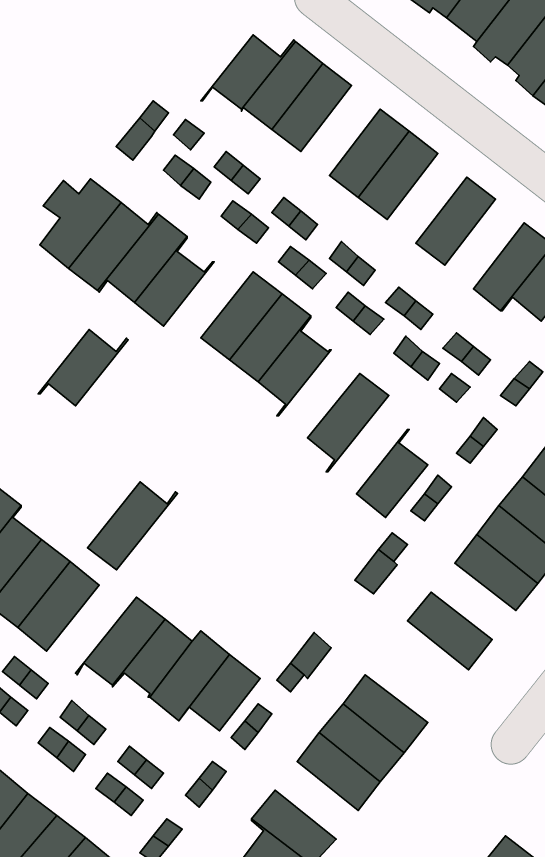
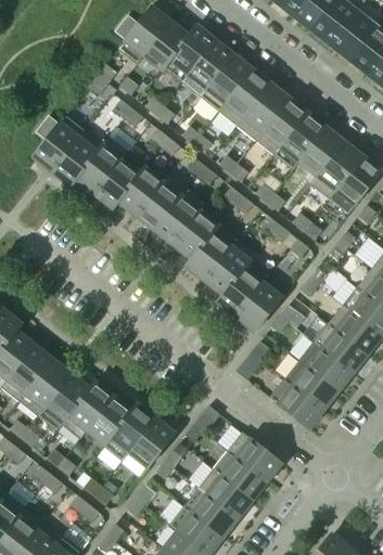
building: none -> [115,8,170,65]
building: none -> [201,55,252,113]
building: none -> [256,99,307,156]
building: none -> [293,128,344,185]
building: [38,330,128,406] -> [113,168,170,217]
building: none -> [187,224,239,281]
building: none -> [218,254,269,317]
building: [88,482,177,570] -> [38,375,95,431]
building: none -> [284,361,339,410]
building: none -> [184,488,238,538]

